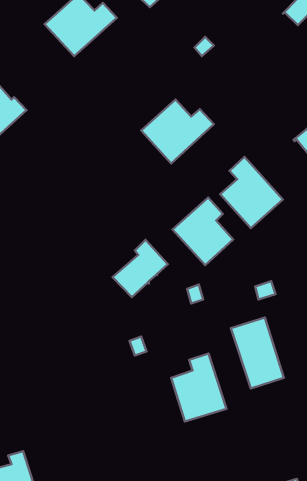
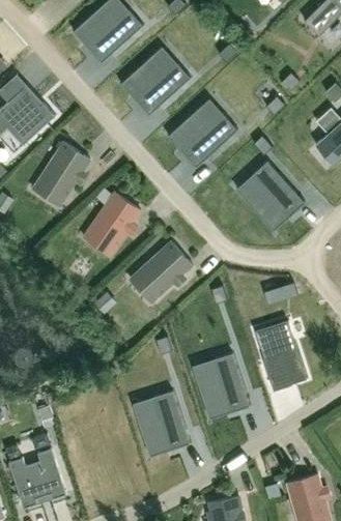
building: none -> [120,54,191,115]
building: none -> [42,142,90,200]
building: none -> [92,192,141,250]
building: [172,197,233,265] -> none
building: none -> [136,389,190,456]

